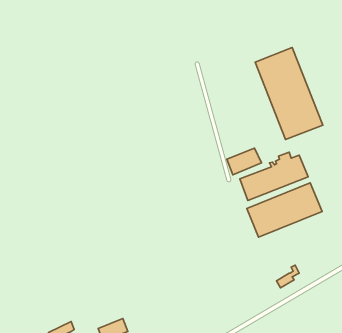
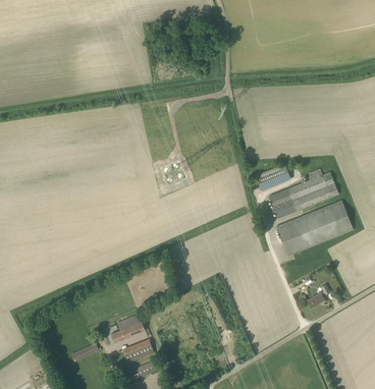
building: [255,48,323,139] -> none
building: none -> [110,315,145,342]

